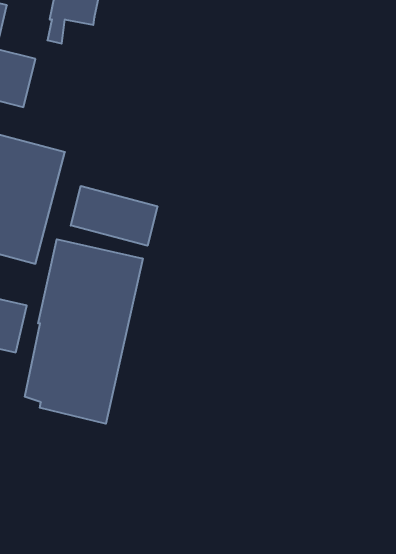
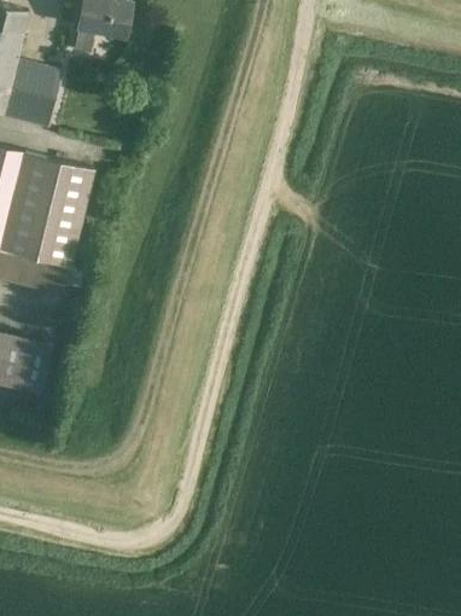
building: [71,186,157,246] -> none
building: [25,239,143,424] -> none

